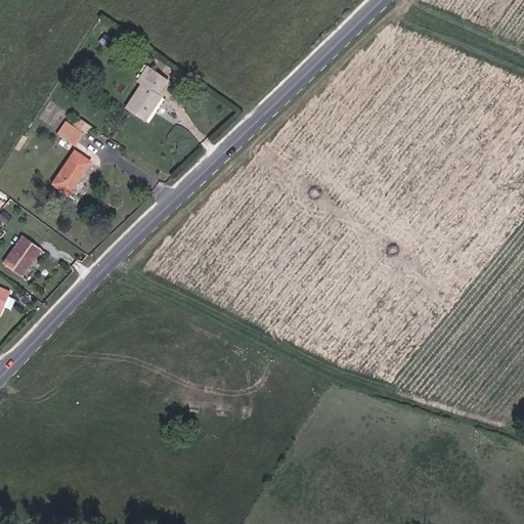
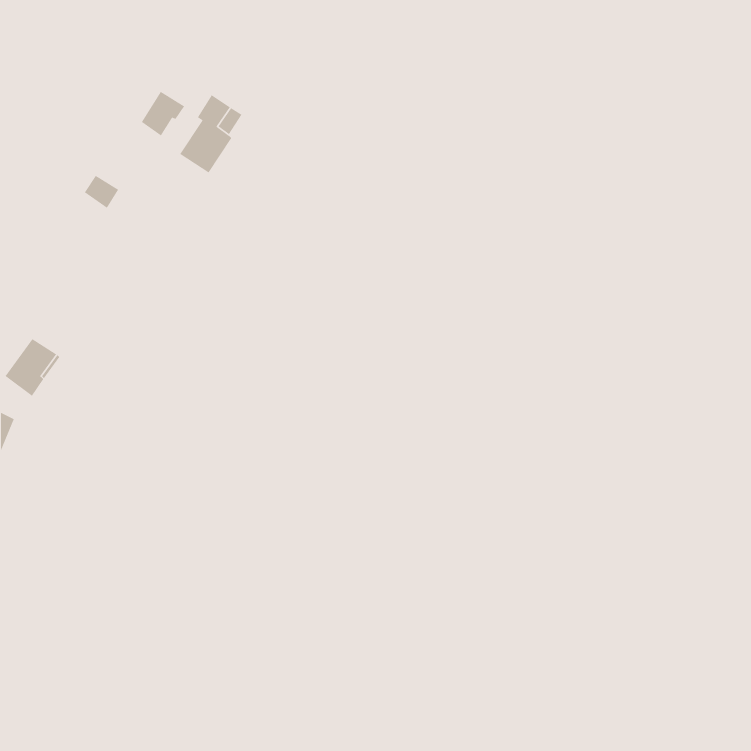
building: none -> [141,91,185,137]
building: [52,150,91,194] -> none

